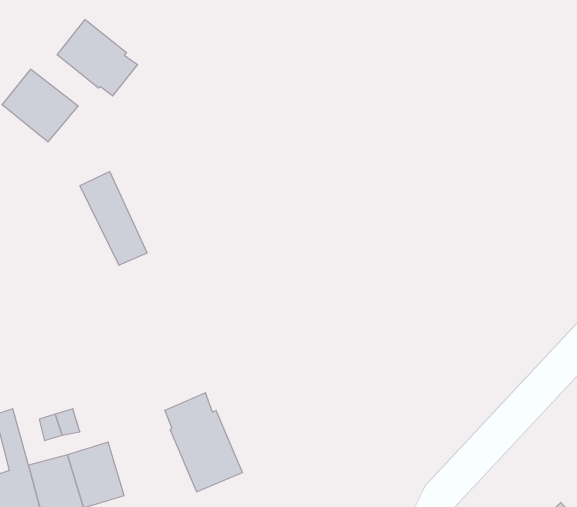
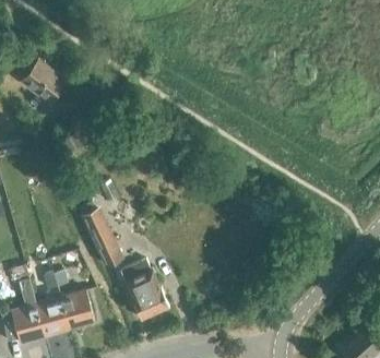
building: [57,20,138,96] -> none
building: [80,172,147,265] -> [83,207,124,265]

